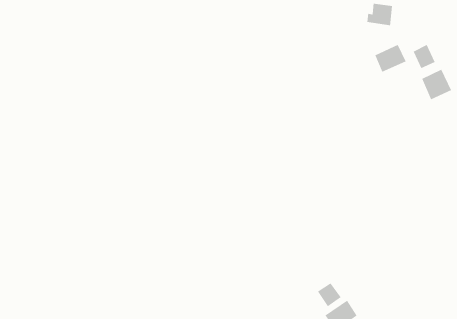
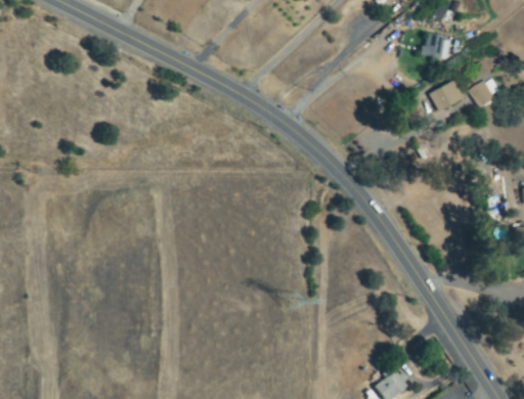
building: [421,69,452,100] -> none
building: [317,282,342,307] -> none

